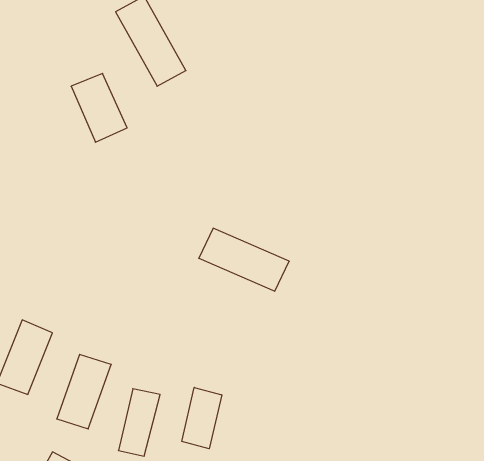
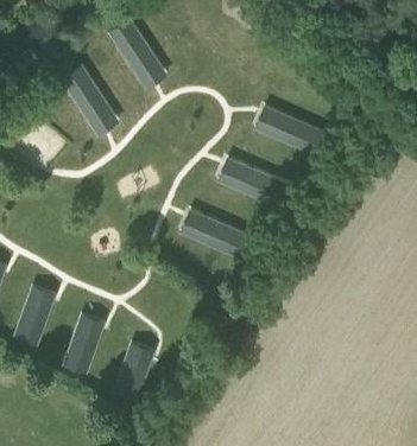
building: none -> [255,107,328,154]
building: none -> [217,157,273,202]
building: [182,387,222,449] -> none

